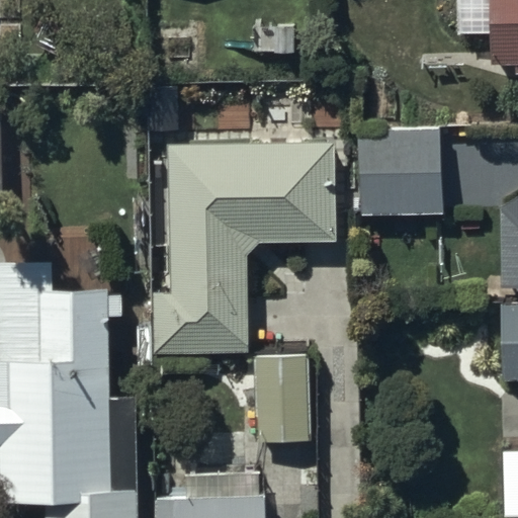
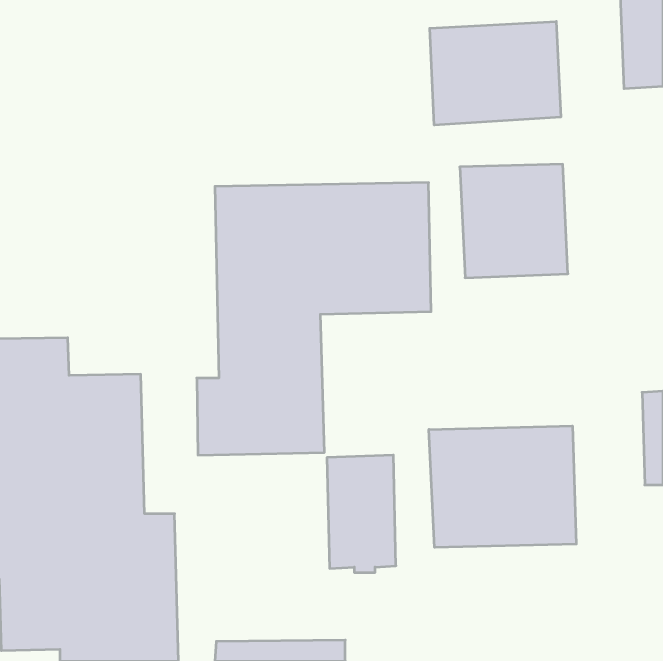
building: none -> [430,21,561,125]
building: none -> [429,426,576,547]

